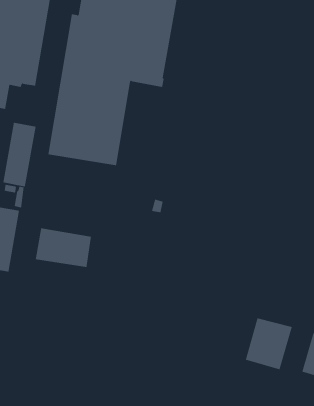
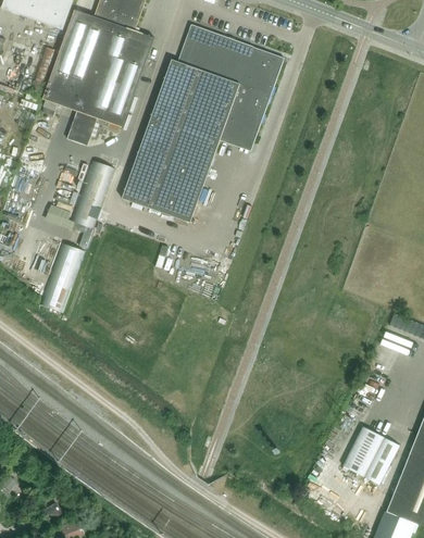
building: [35,227,92,268] -> none
building: [245,317,292,370] -> none

